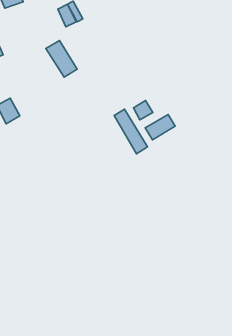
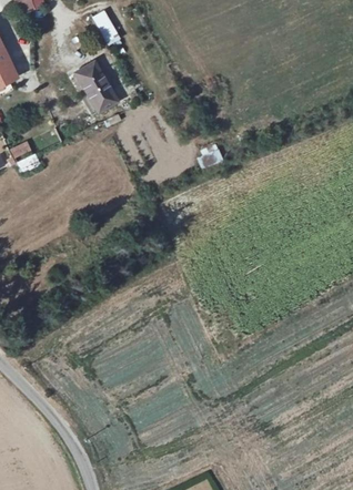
building: [114,109,147,154] -> none
building: [145,114,175,140] -> none

